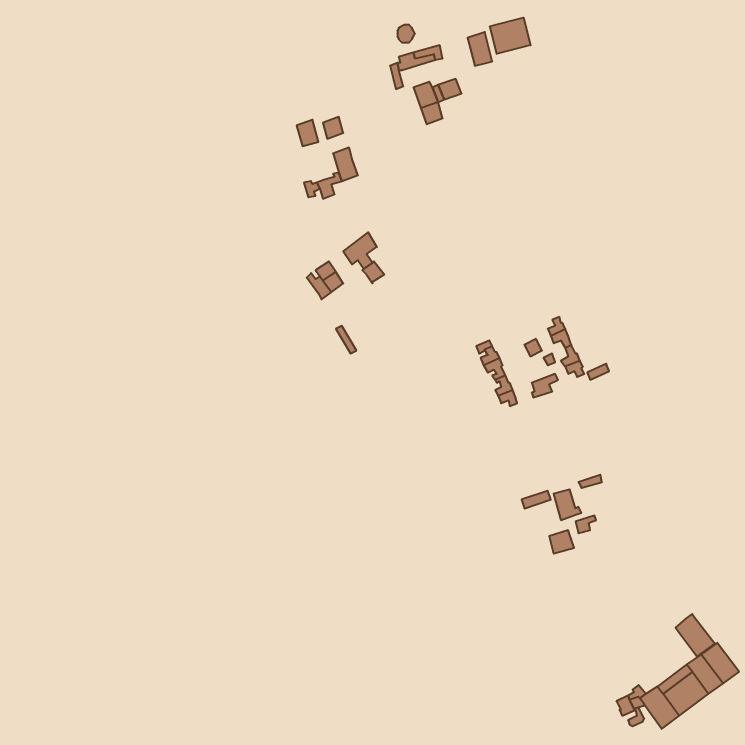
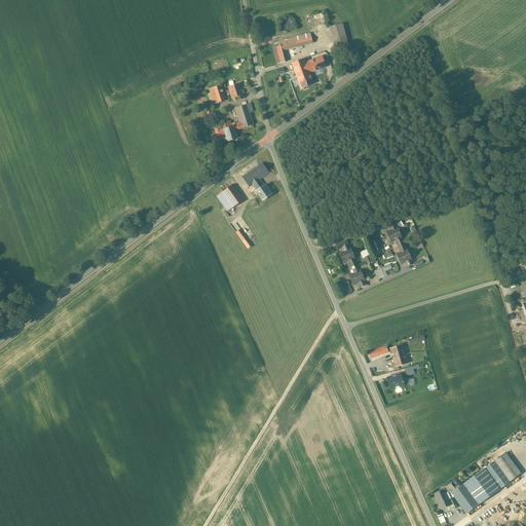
building: [490,18,531,54] -> none
building: [676,614,715,657] -> none

